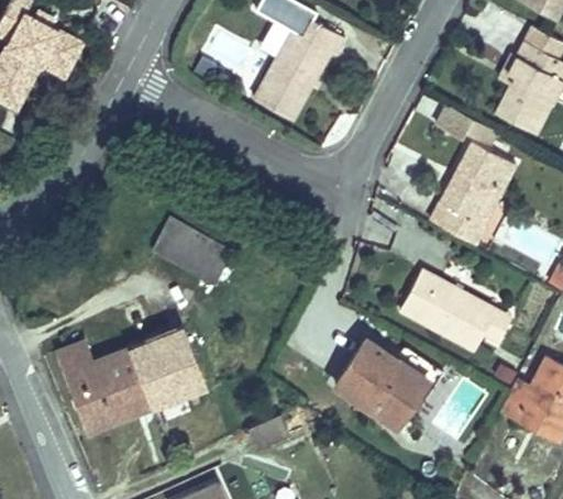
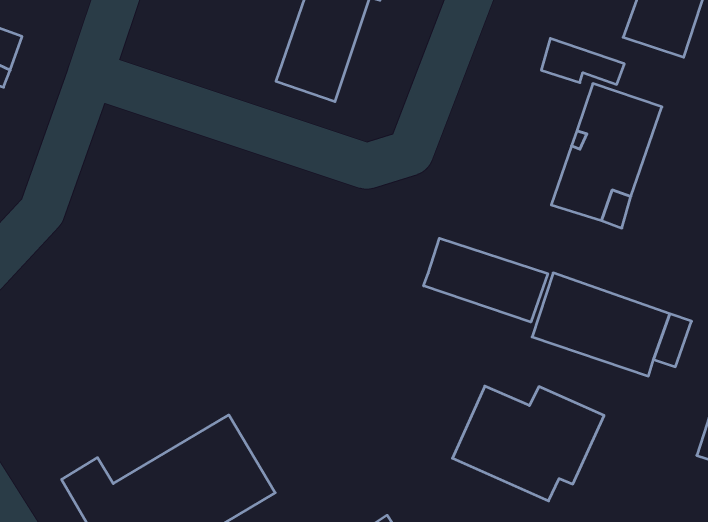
building: [152,219,233,286] -> none
building: none -> [424,238,548,322]

